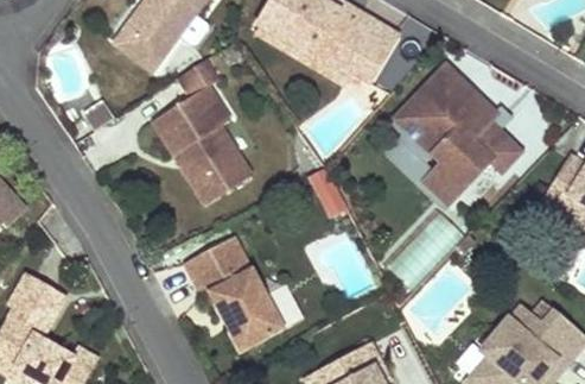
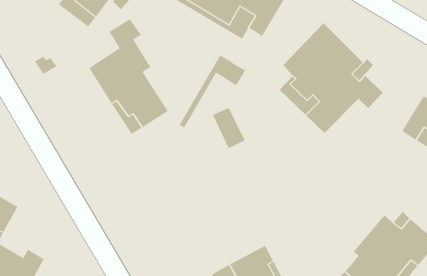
building: none -> [179,54,246,128]
building: [183,234,284,352] -> none

